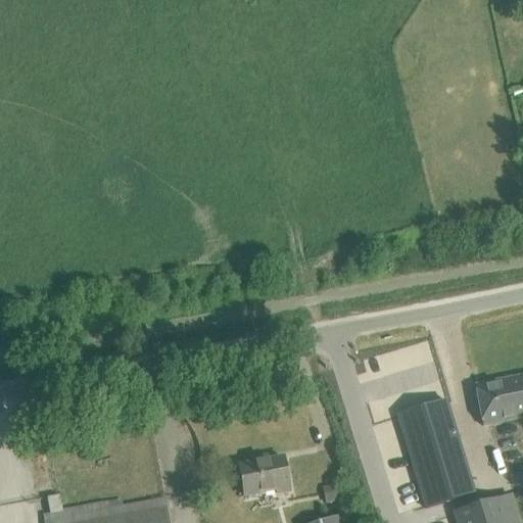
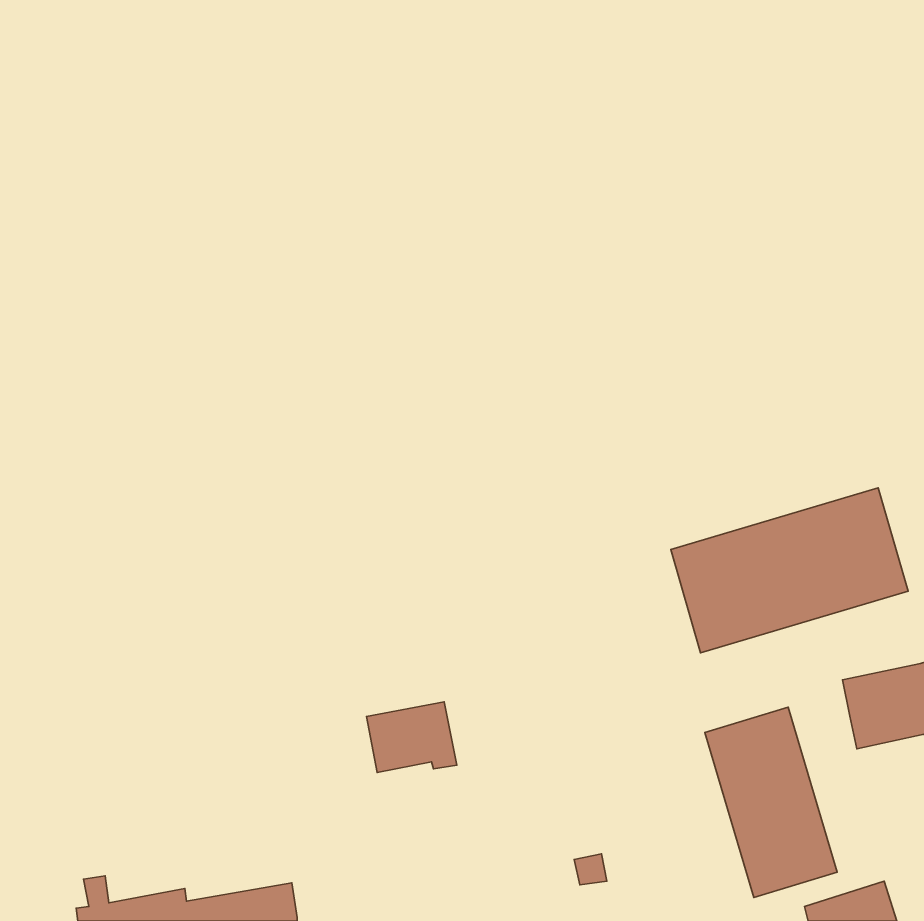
building: none -> [671,488,908,653]
building: [239,456,290,495] -> [366,702,457,773]

